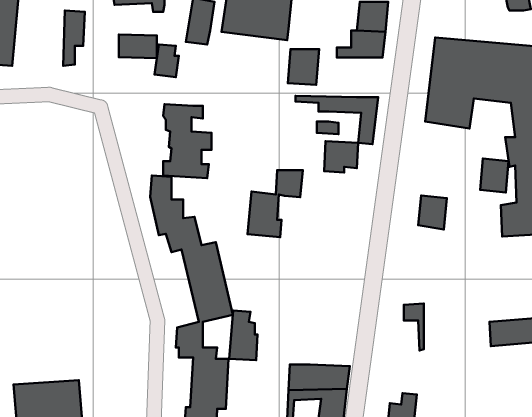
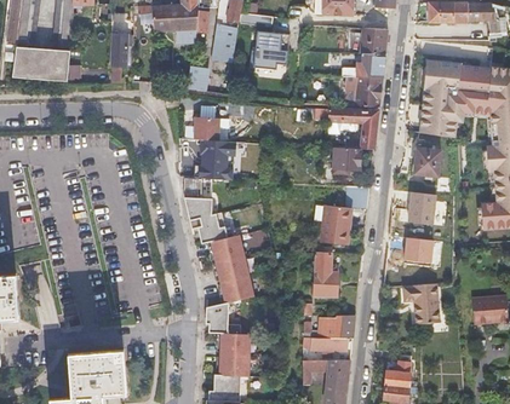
building: [119,35,157,58] -> none
building: [288,49,319,85] -> [354,76,380,106]
building: [480,158,509,193] -> [414,149,439,178]
building: [247,170,303,237] -> [321,186,368,243]
building: none -> [406,235,431,264]
building: none -> [416,284,436,324]
building: [229,310,258,360] -> [314,253,338,295]
building: none -> [319,314,355,339]

